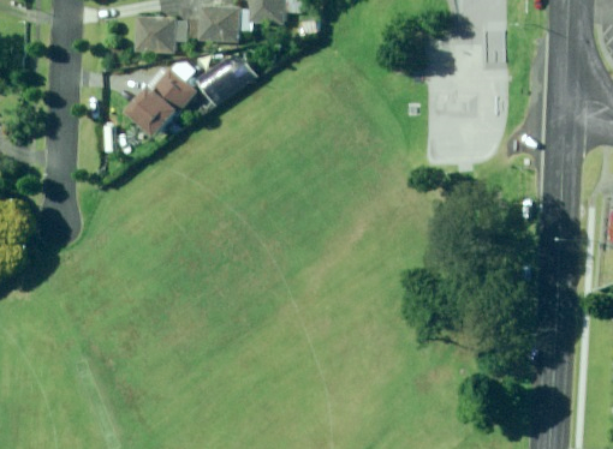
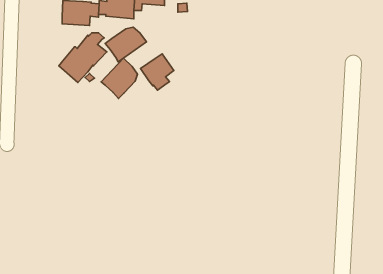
building: none -> [141,54,174,90]
building: none -> [101,58,138,99]

